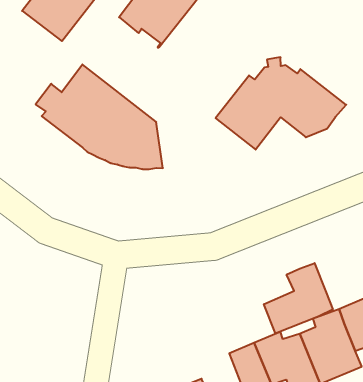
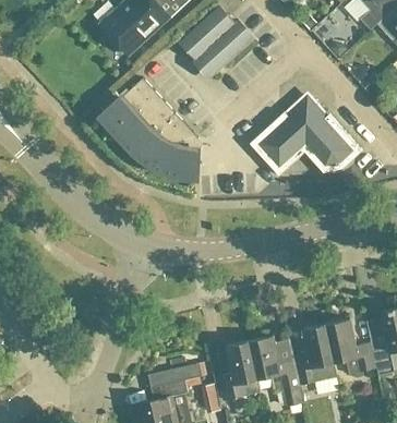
building: [264,263,333,334] -> none

